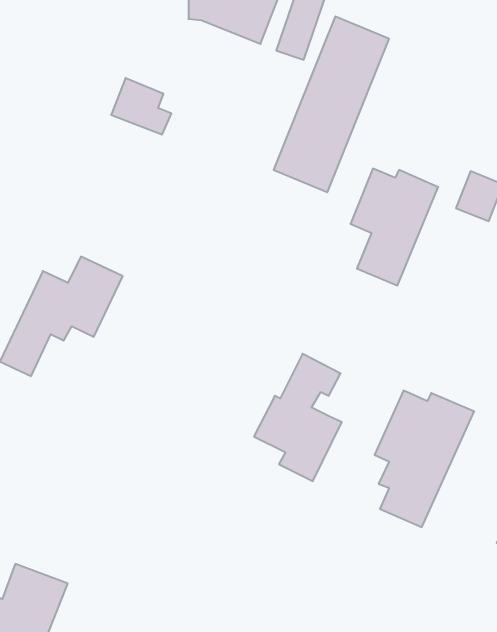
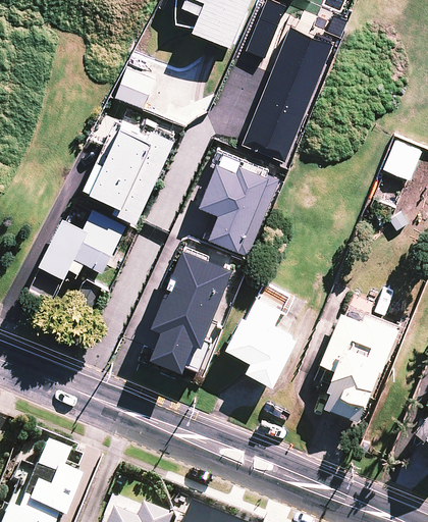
building: none -> [87,119,175,224]
building: [350,169,438,285] -> [200,161,268,252]
building: none -> [150,245,232,366]

